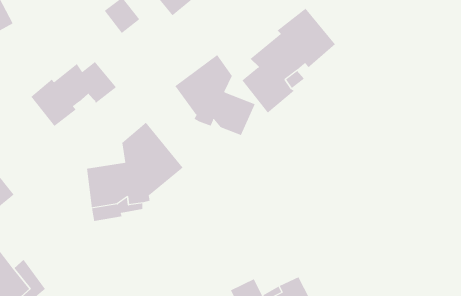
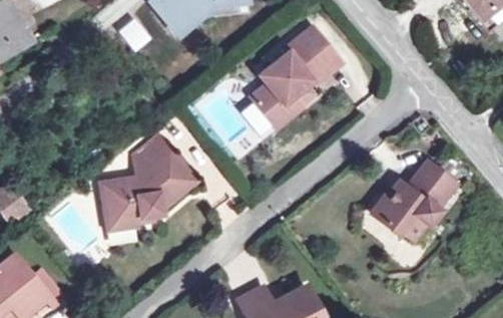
building: [174,54,255,136] -> none
building: [31,61,117,127] -> none
building: none -> [372,160,456,239]

